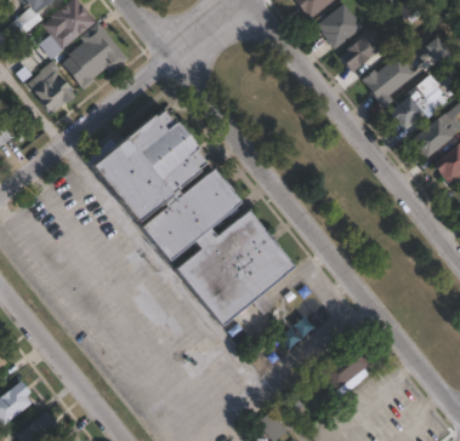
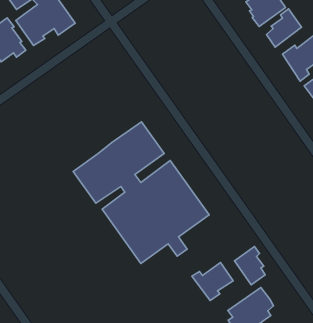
building: [89,107,204,220] -> none
building: none -> [235,246,265,285]
building: none -> [192,263,233,300]

